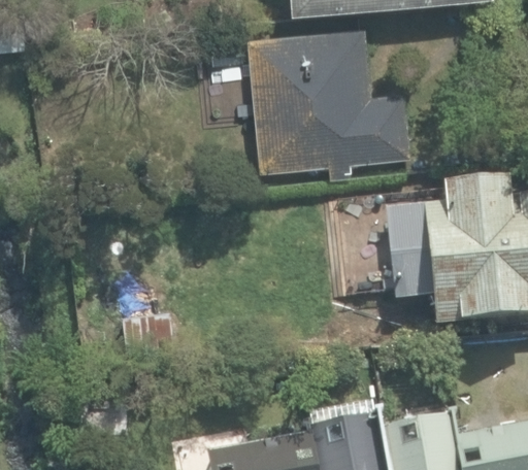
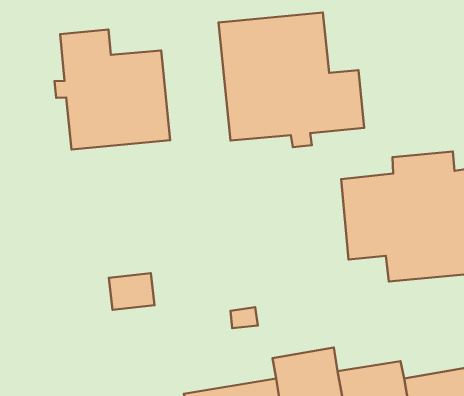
building: none -> [55,30,170,149]

